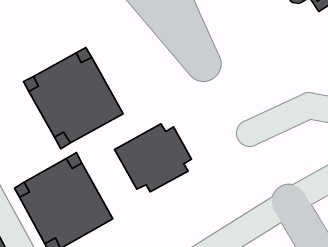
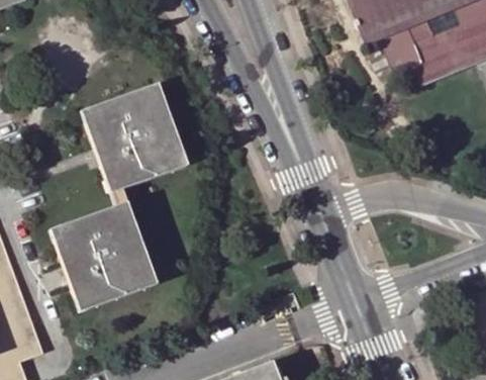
building: [115,124,192,192] -> none

